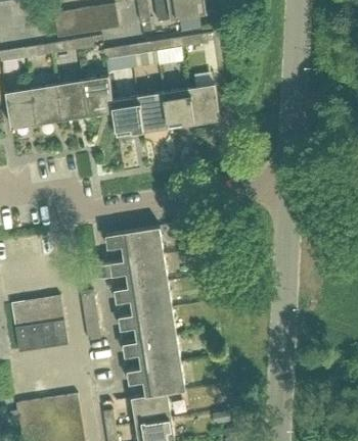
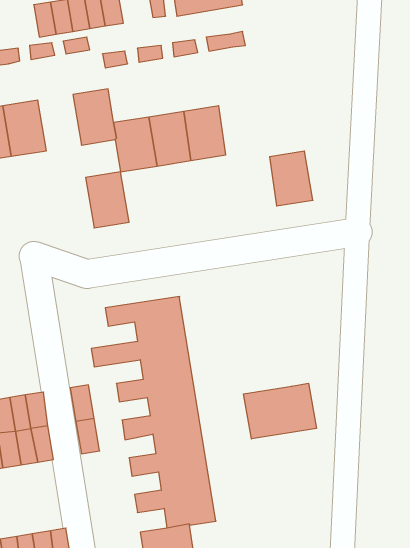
building: [55,80,87,120] -> [86,172,129,228]
building: [187,84,219,124] -> [270,151,313,206]
building: none -> [244,383,316,439]

